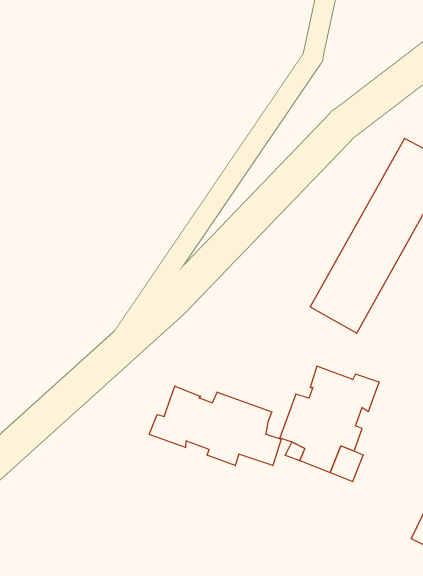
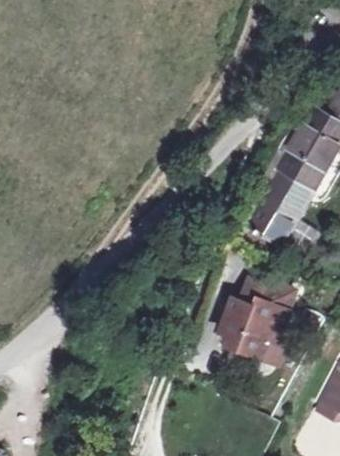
building: [149,386,281,466] -> none

